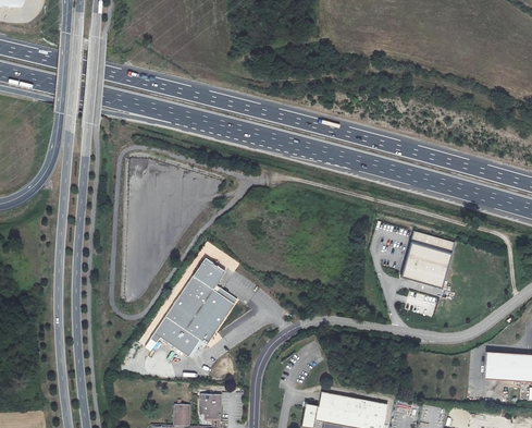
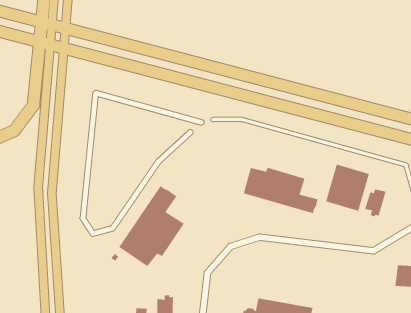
building: none -> [243,167,318,214]
building: none -> [364,189,386,218]

